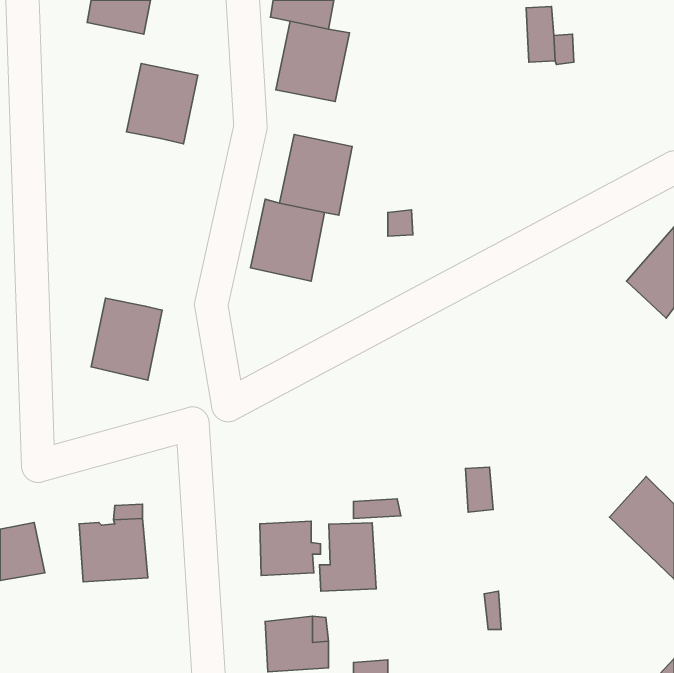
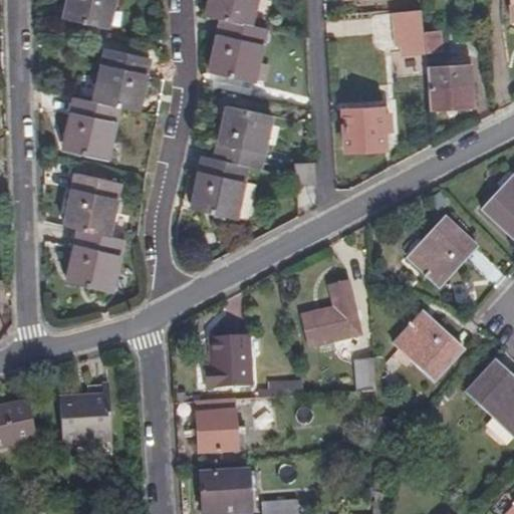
building: none -> [426,63,471,106]
building: none -> [66,97,122,160]
building: none -> [346,103,390,146]
building: none -> [66,173,122,234]
building: none -> [405,224,471,291]
building: none -> [302,282,359,348]
building: none -> [389,317,458,387]
building: [319,523,376,591] -> [206,334,249,387]

